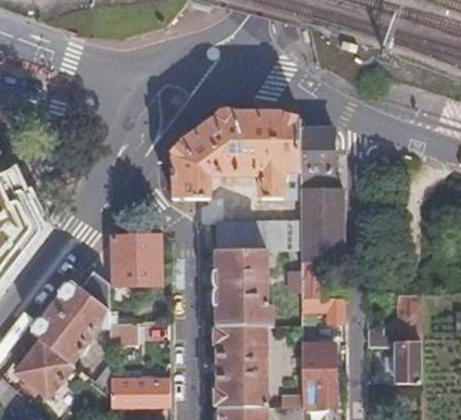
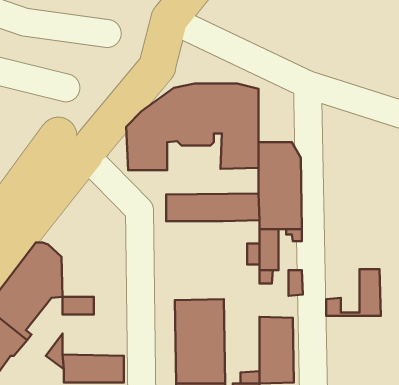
building: [299,120,332,173] -> none
building: [112,237,159,282] -> none
building: [217,250,271,327] -> none
building: [386,342,419,383] -> none

